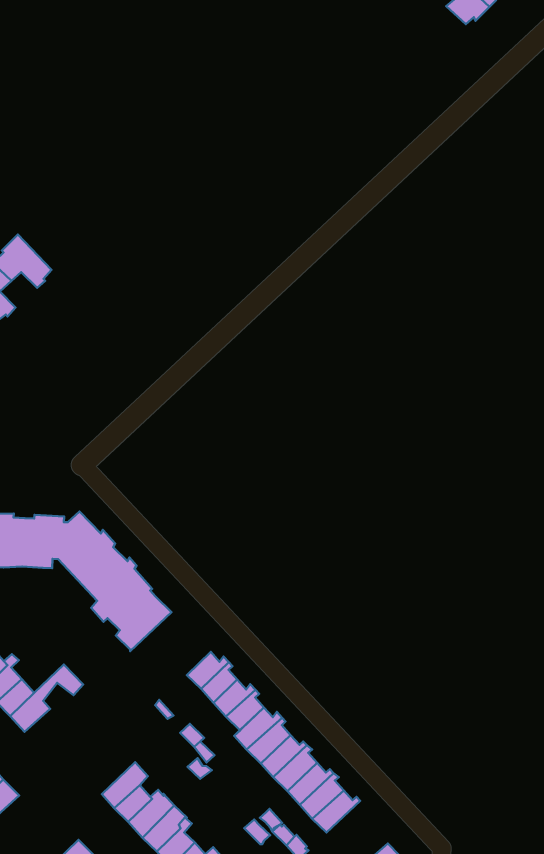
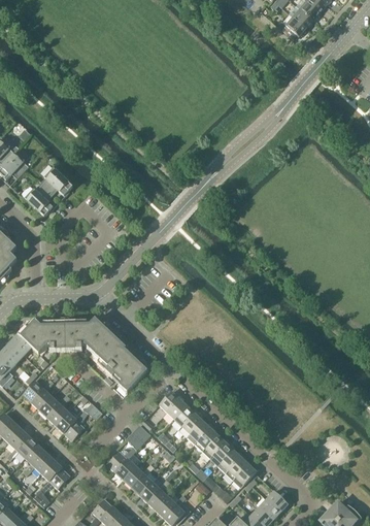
building: none -> [106,424,150,472]

